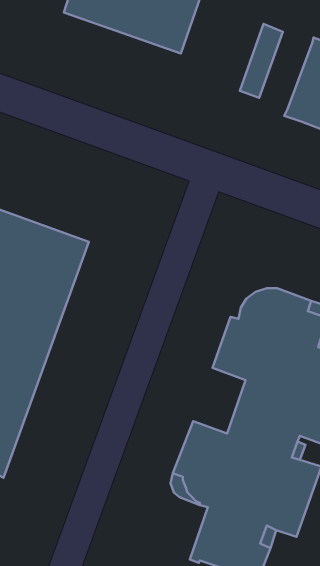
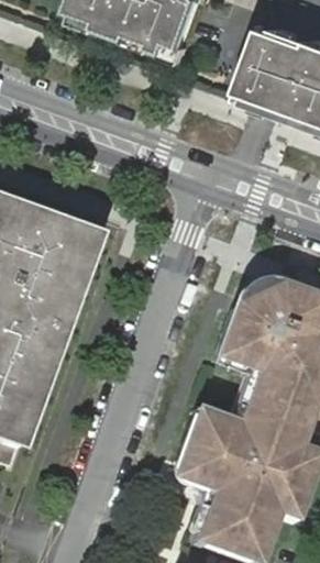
building: none -> [260,36,311,111]

